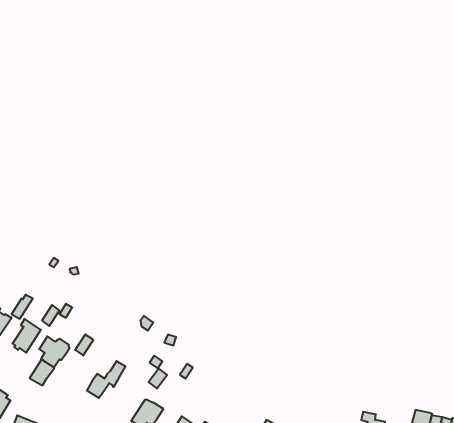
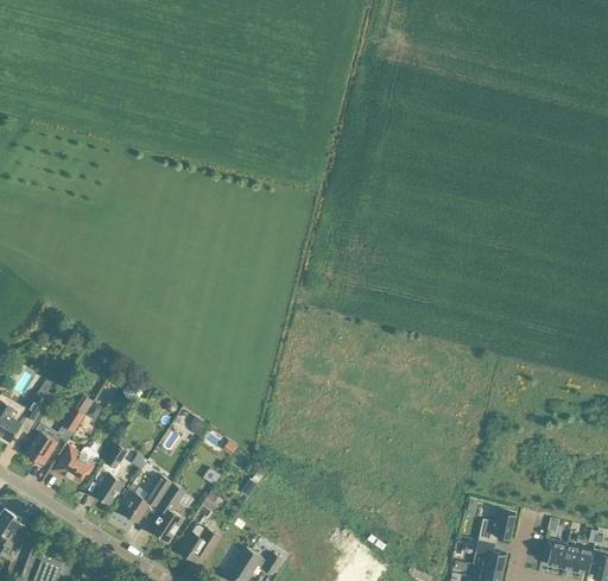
building: [30,360,54,385] -> [93,472,125,505]
building: none -> [150,484,185,542]
building: none -> [477,511,514,544]

